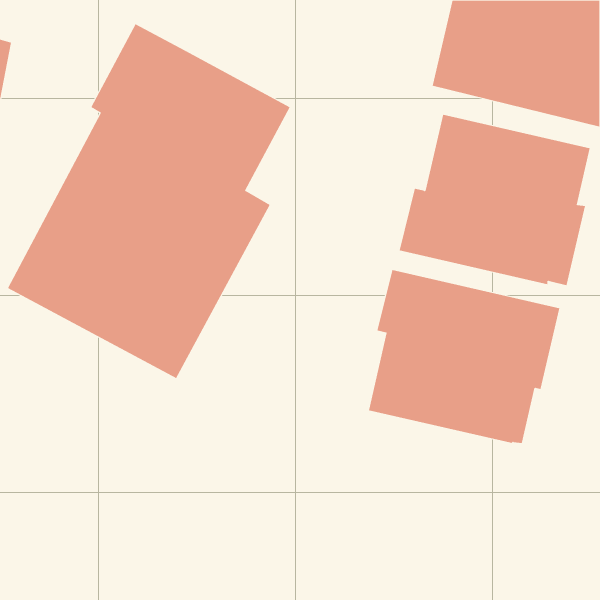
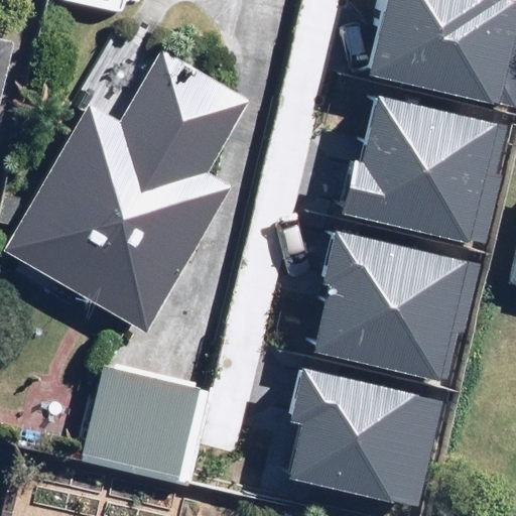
building: none -> [80,362,212,481]
building: none -> [288,367,443,508]

